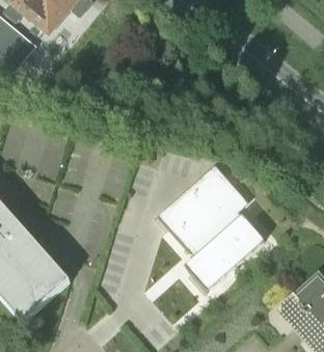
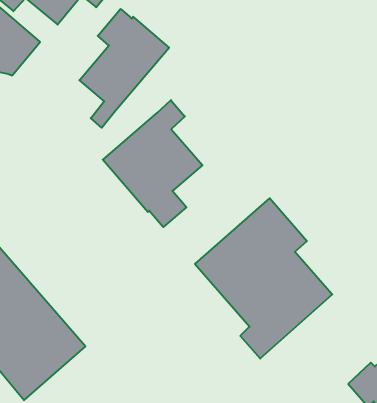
building: none -> [79,9,169,128]
building: none -> [103,100,202,227]

